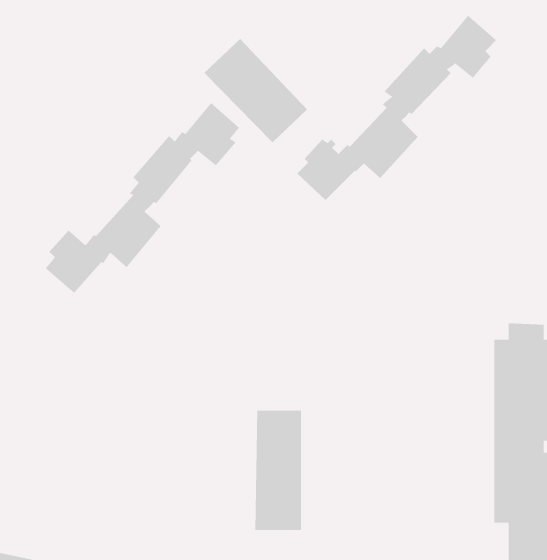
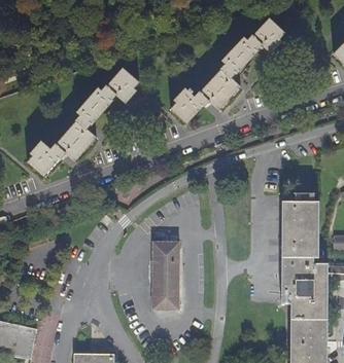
building: [203,38,308,143] -> none

